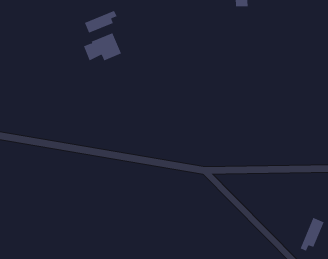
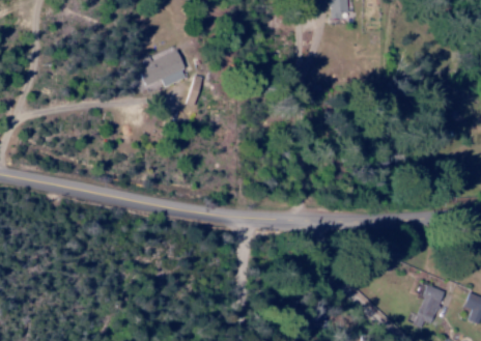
building: [84,10,117,33] -> none

